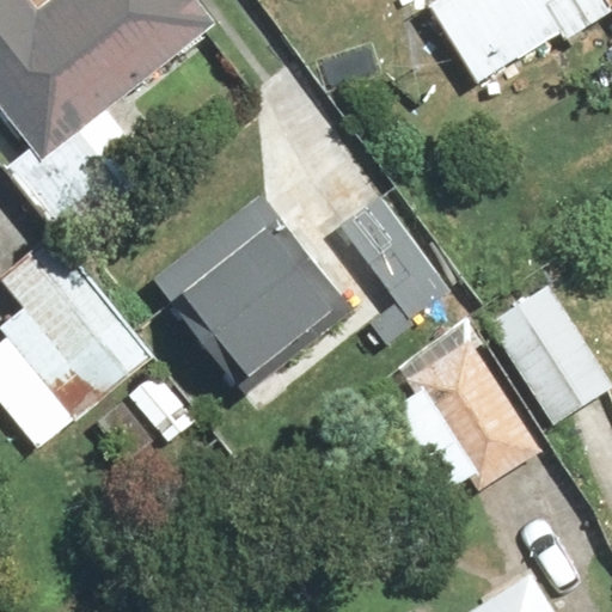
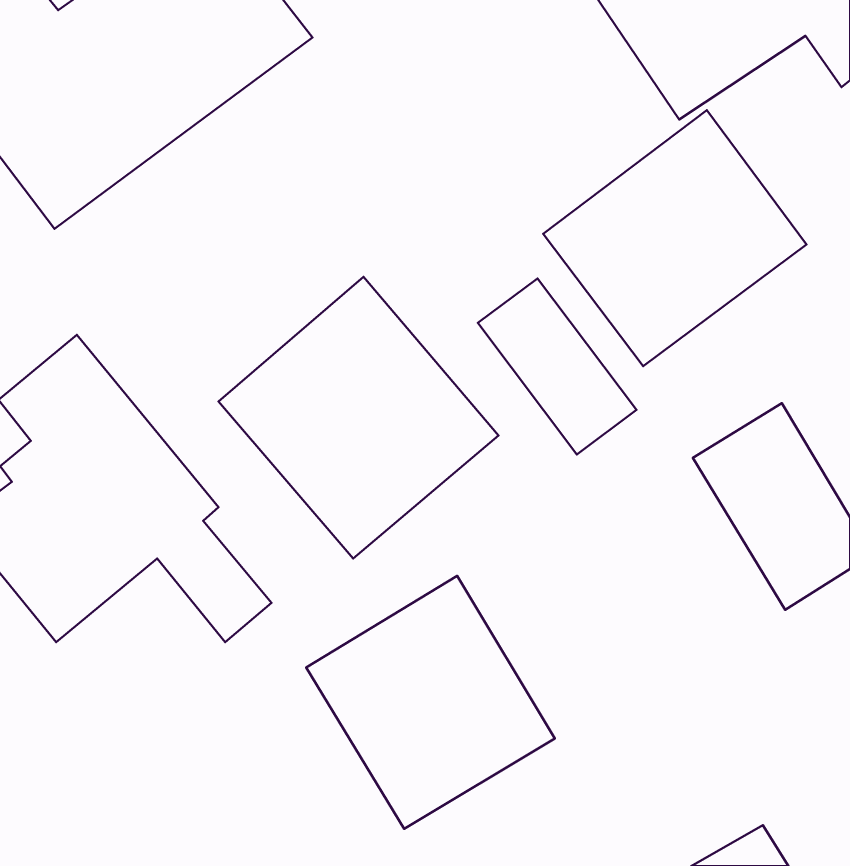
building: none -> [543,110,806,366]
building: [397,320,540,494] -> none
building: none -> [306,576,555,829]

